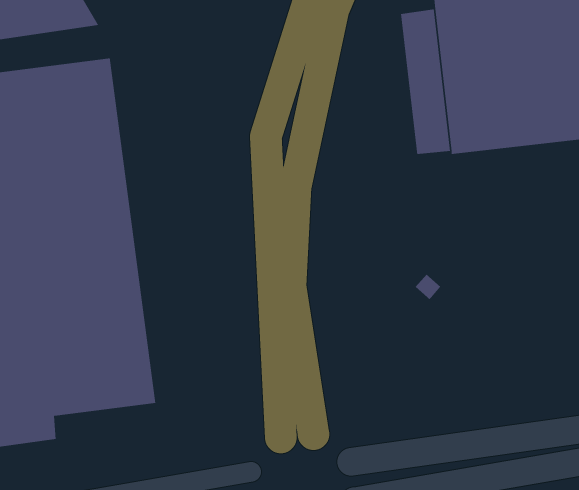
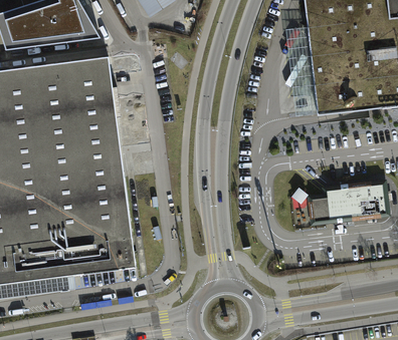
building: none -> [312,185,385,220]

